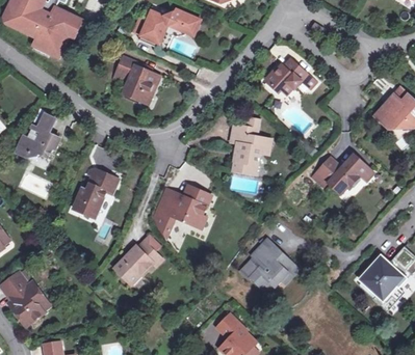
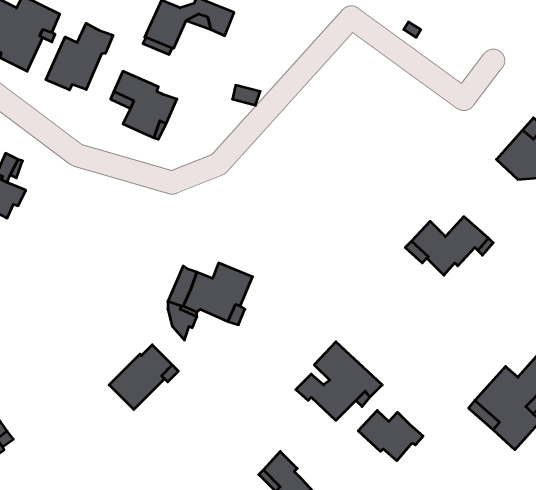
building: none -> [46,23,113,90]
building: [263,58,313,92] -> none
building: [230,118,269,172] -> none
building: [72,168,116,216] -> none
building: none -> [358,410,423,461]

